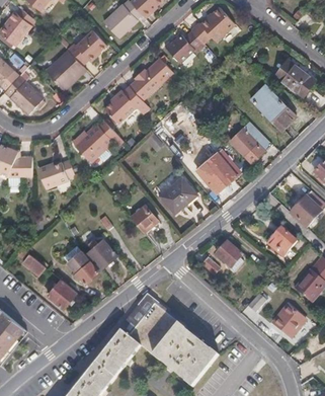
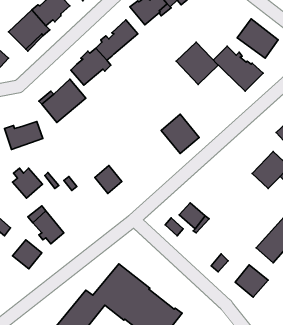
building: [229,121,271,163] -> [176,42,218,84]
building: [159,175,196,213] -> none
building: [267,227,296,255] -> none
building: [86,238,116,268] -> [12,168,42,198]

